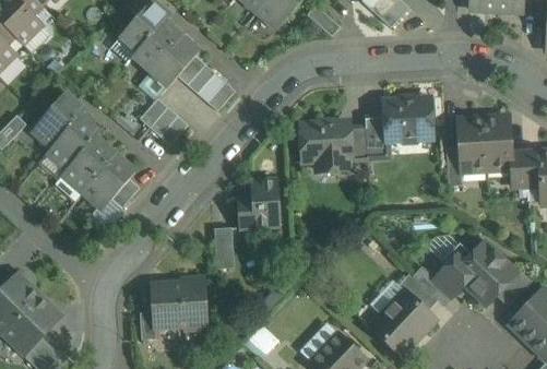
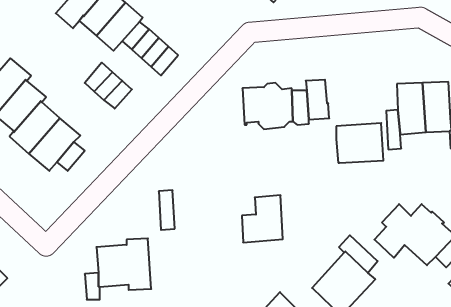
building: [384,99,432,140] -> [336,123,383,163]
building: [238,180,280,228] -> [242,195,283,242]

